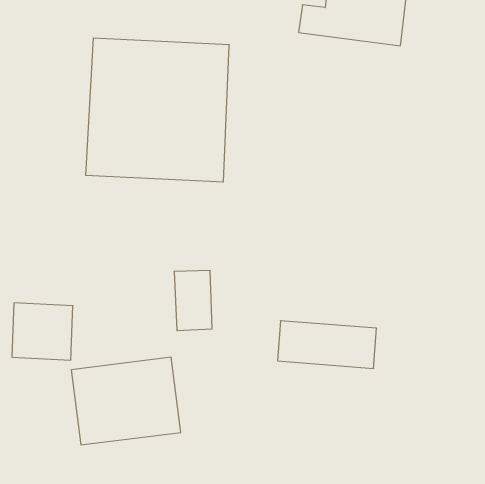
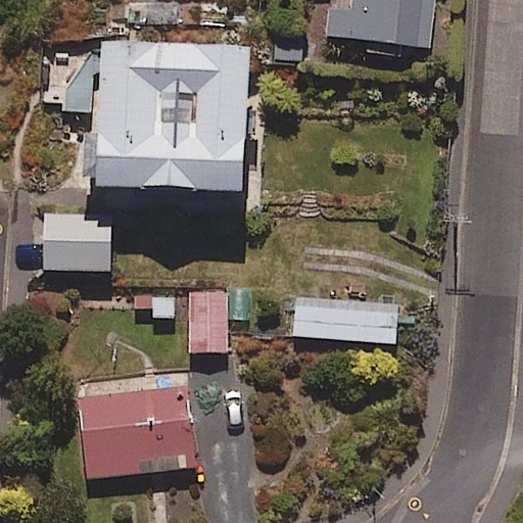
building: [12,303,73,360] -> [45,209,110,271]
building: [278,321,377,368] -> [292,293,398,344]

